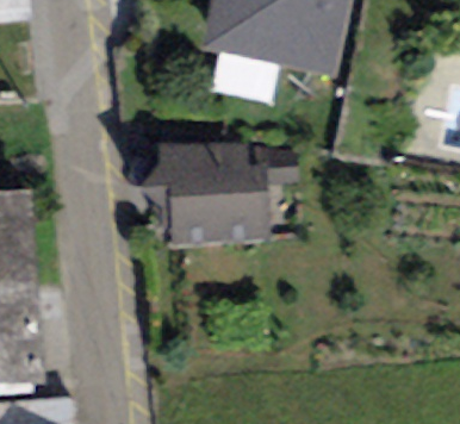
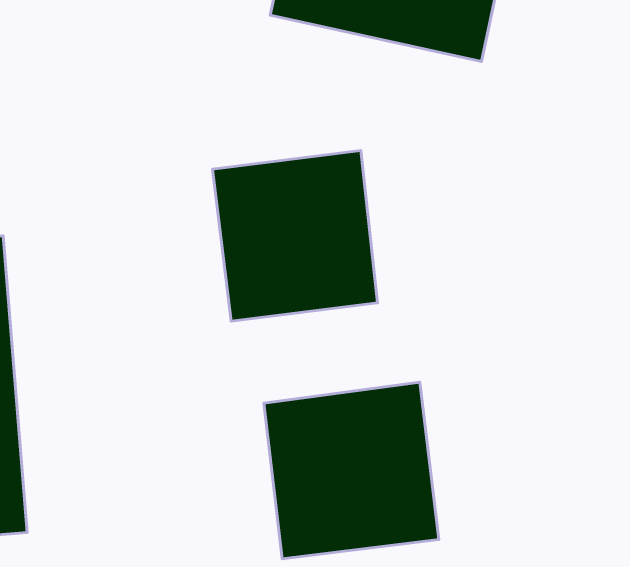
building: none -> [264,382,439,559]

